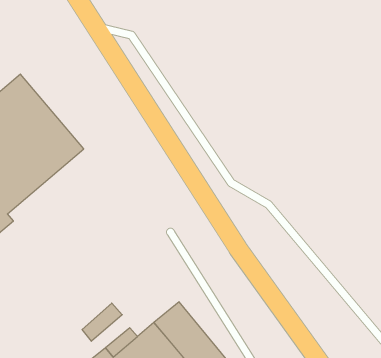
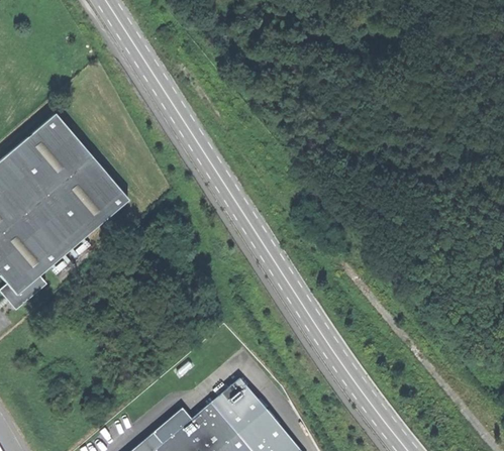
building: [82,303,122,341] -> none

